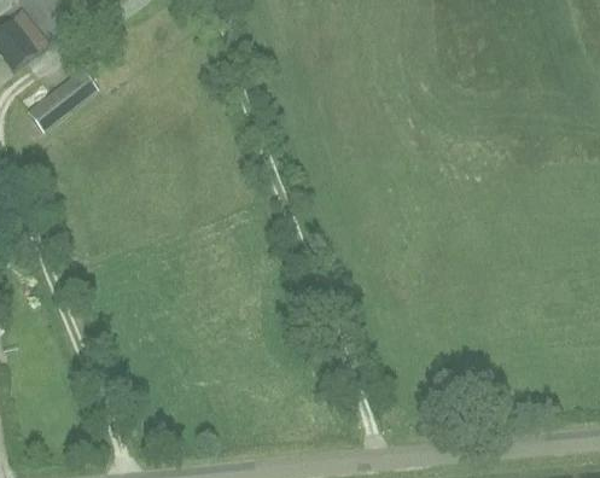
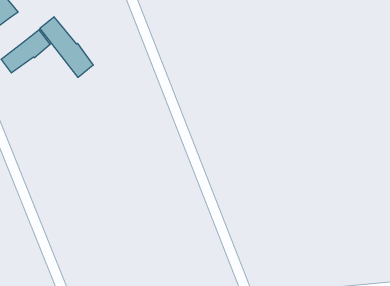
building: none -> [40,17,93,77]

